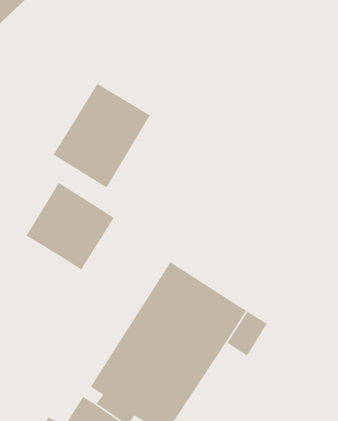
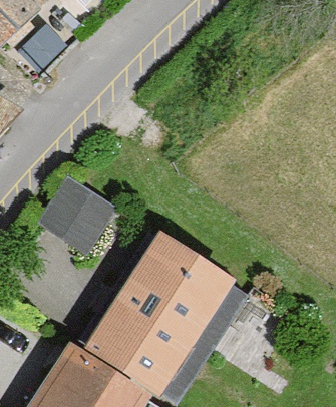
building: [52,83,151,188] -> none

